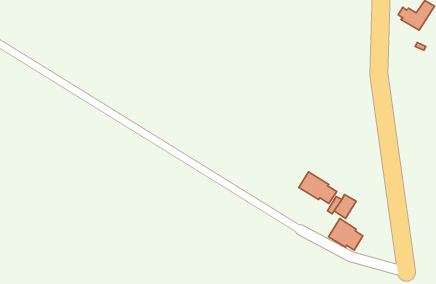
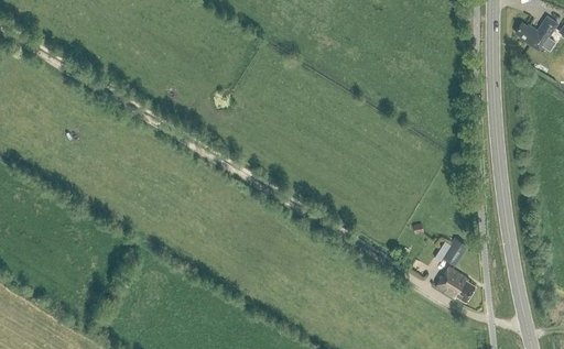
building: [299,172,337,204] -> none

